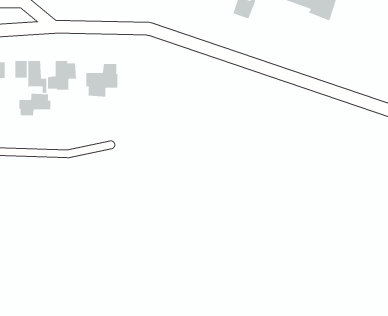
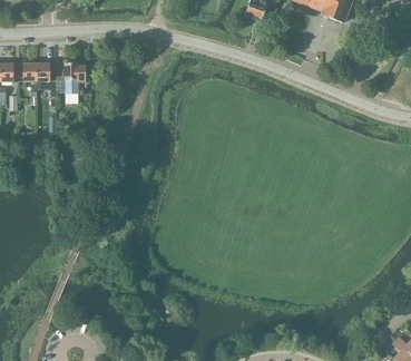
building: [86,63,118,97] -> none
building: [19,93,51,116] -> none

